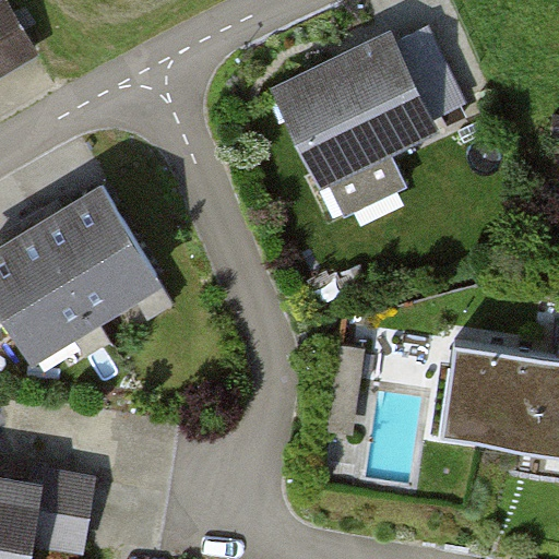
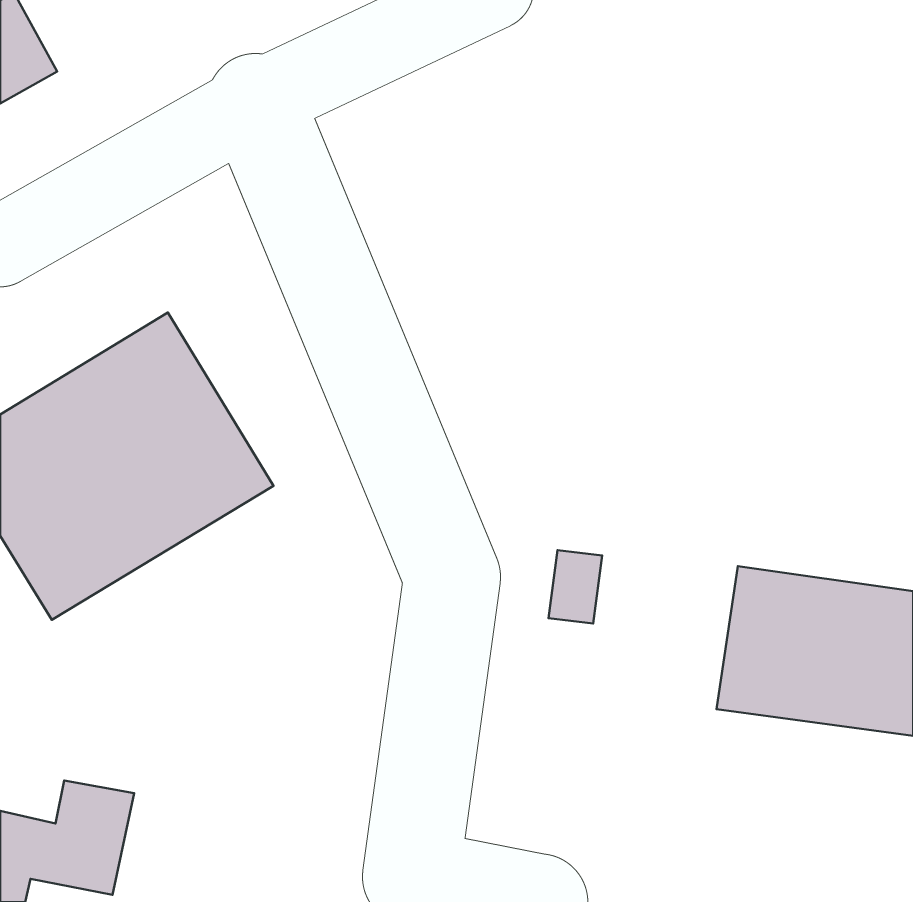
building: [266,22,468,216] -> none

